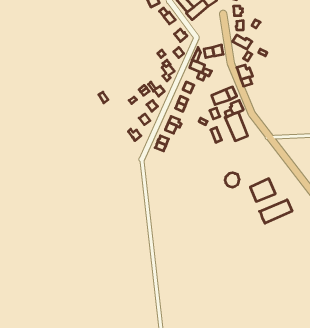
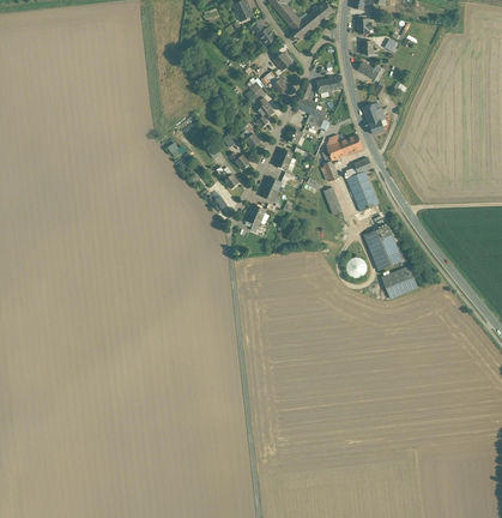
building: none -> [364,225,400,269]
building: [259,200,292,223] -> none

